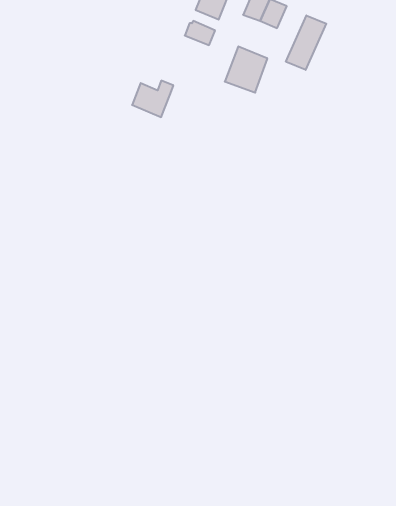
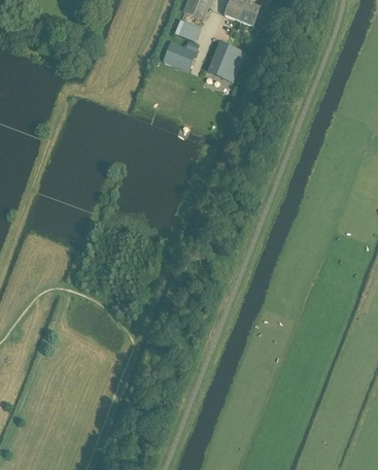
building: [286,15,326,70] -> none
building: [132,81,173,117] -> [163,39,198,70]

